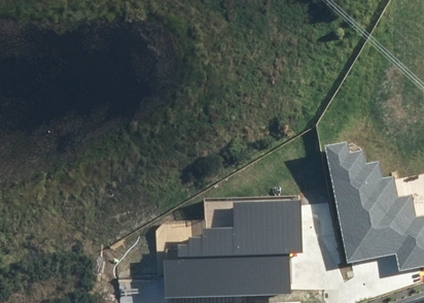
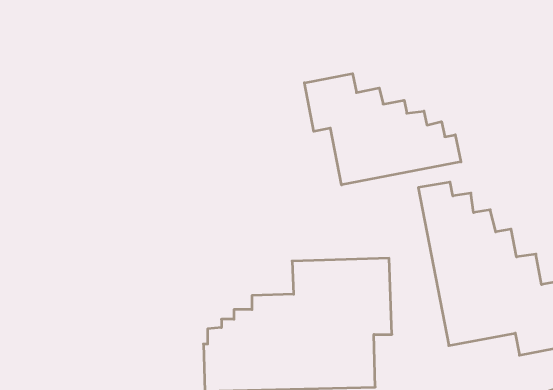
building: none -> [304,74,461,185]

